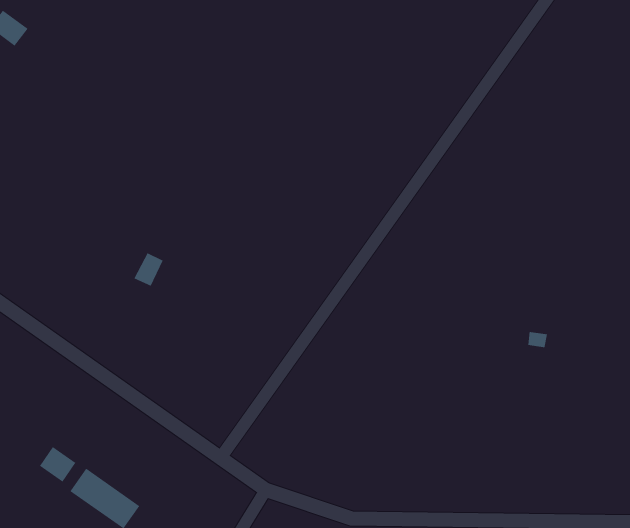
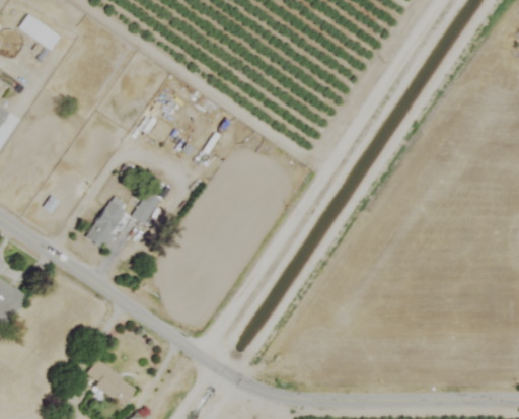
building: none -> [88,198,129,249]
building: [39,446,76,482] -> none

